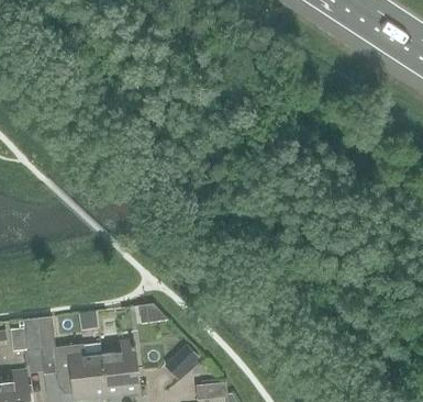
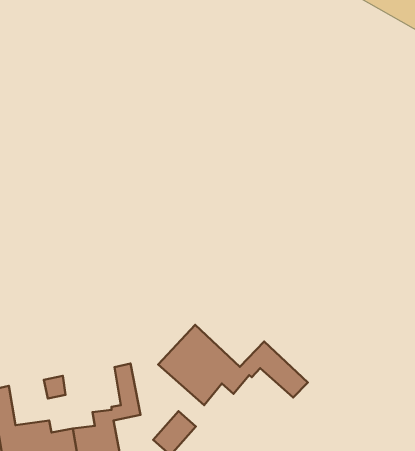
building: none -> [158,325,308,405]

